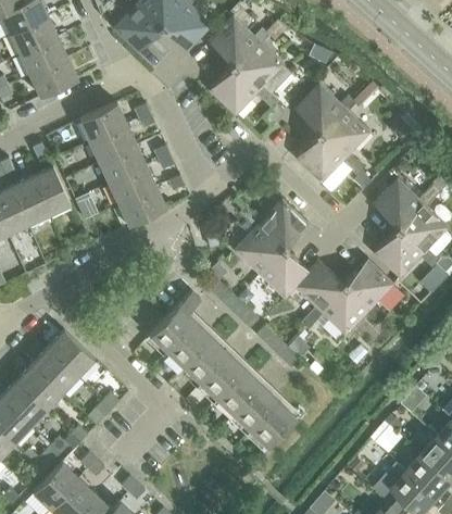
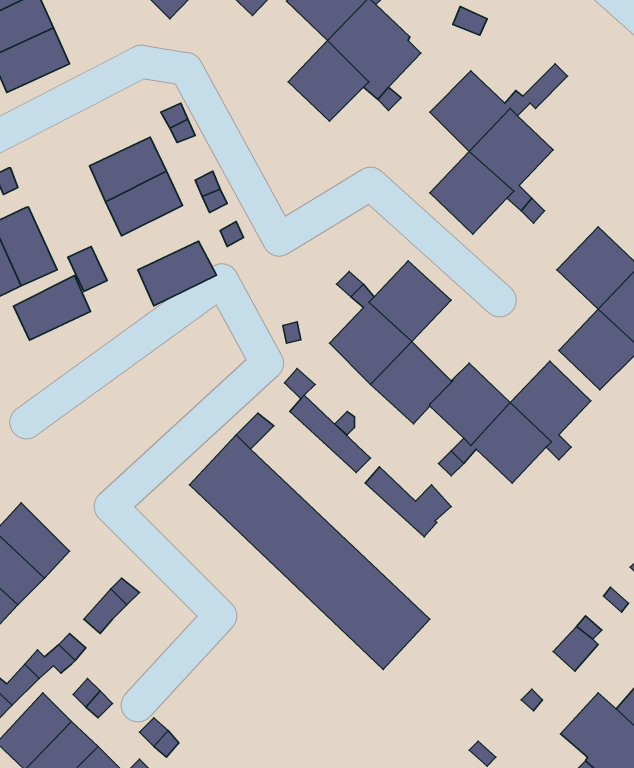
building: [78,103,126,142] -> none
building: [109,166,155,205] -> [13,276,90,340]
building: [48,329,93,376] -> none

